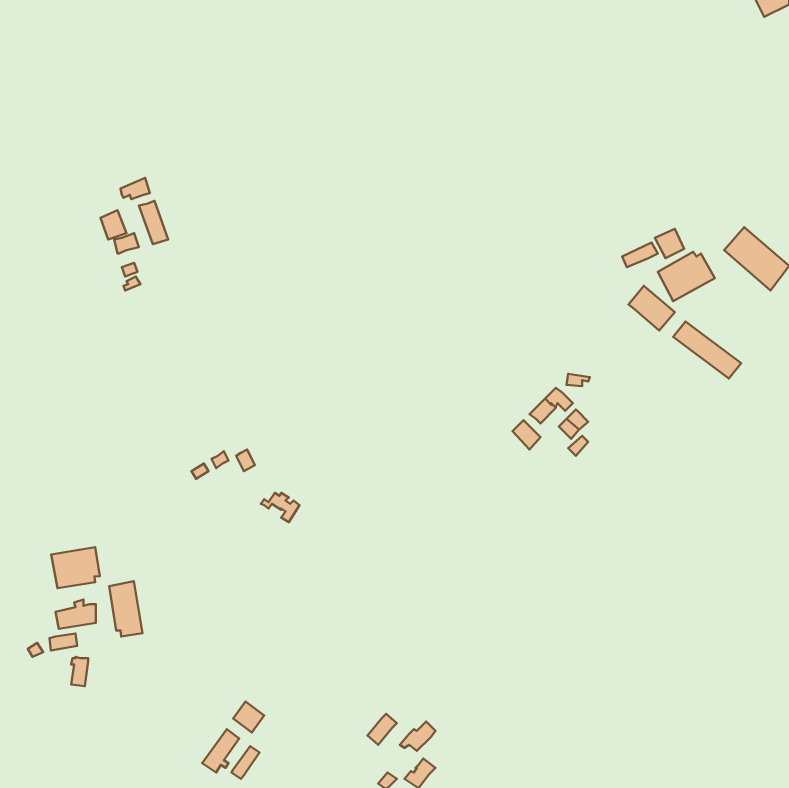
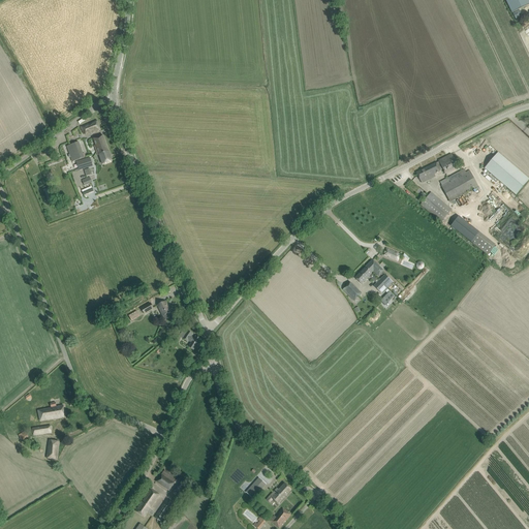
building: [51,547,100,588] -> none
building: [109,581,143,637] -> none

